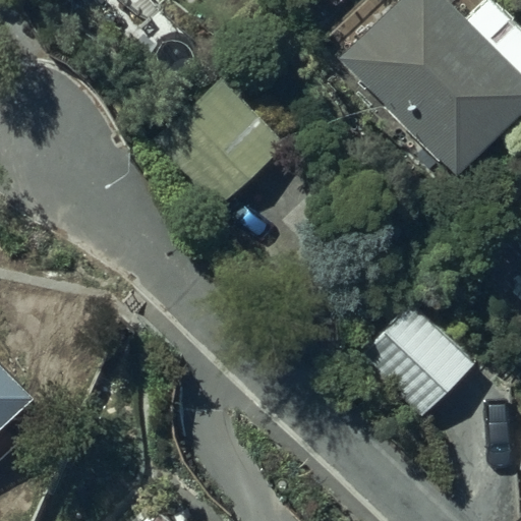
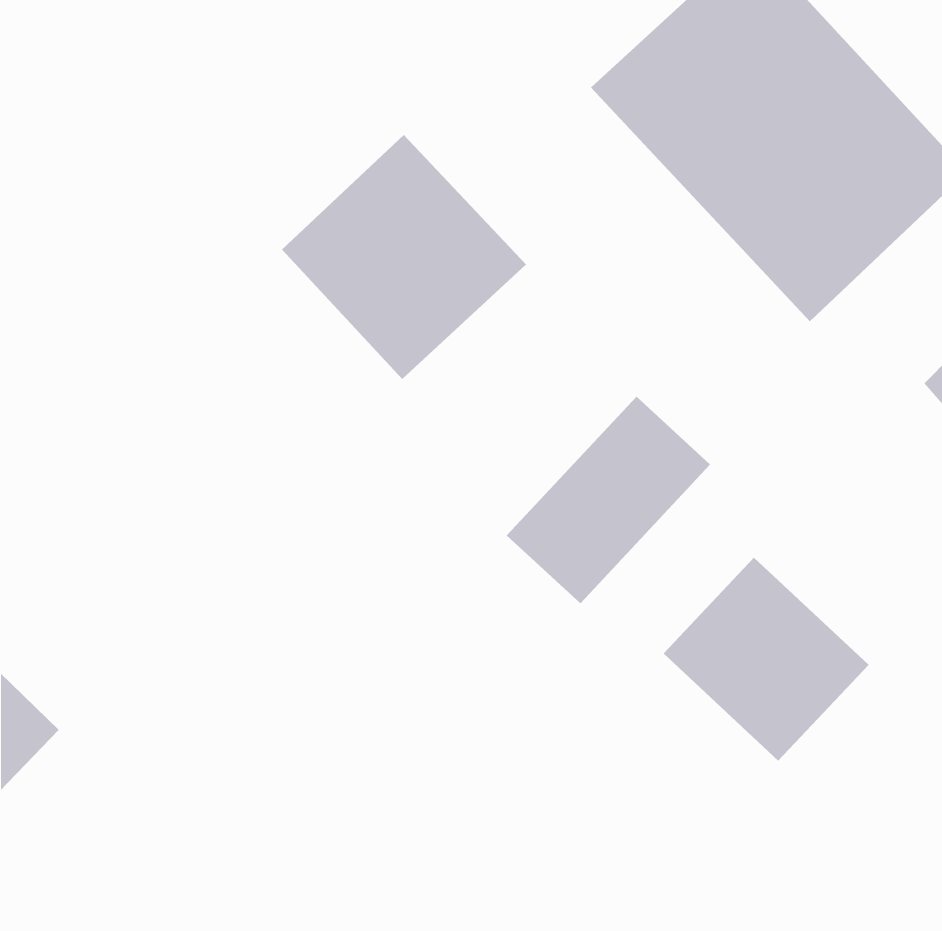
building: none -> [506,396,711,604]

